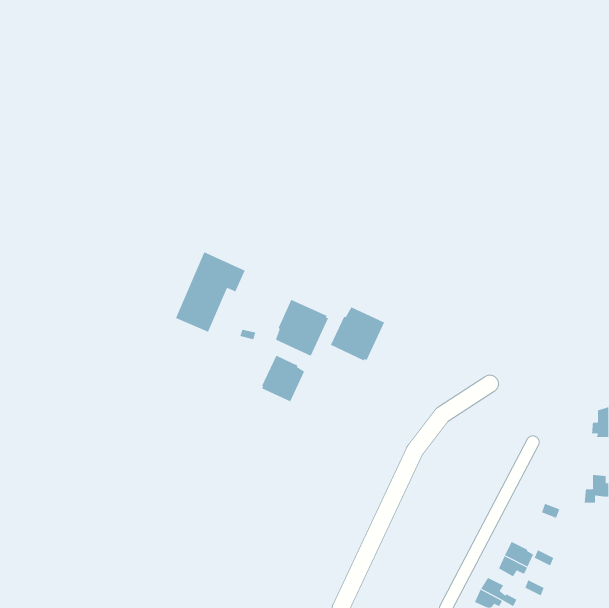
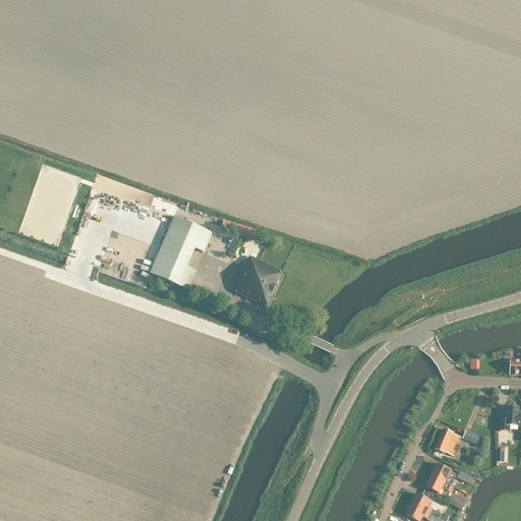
building: [330,307,385,362] -> none
building: [261,355,305,402] -> none
building: none -> [435,427,460,454]

